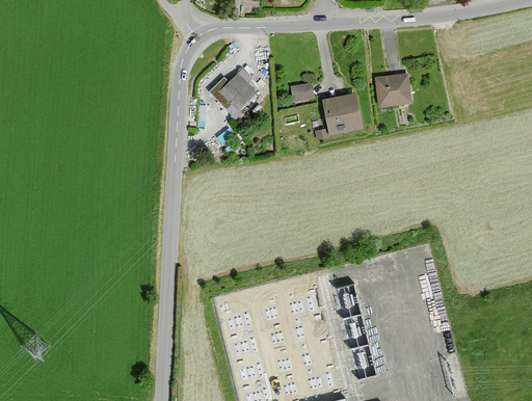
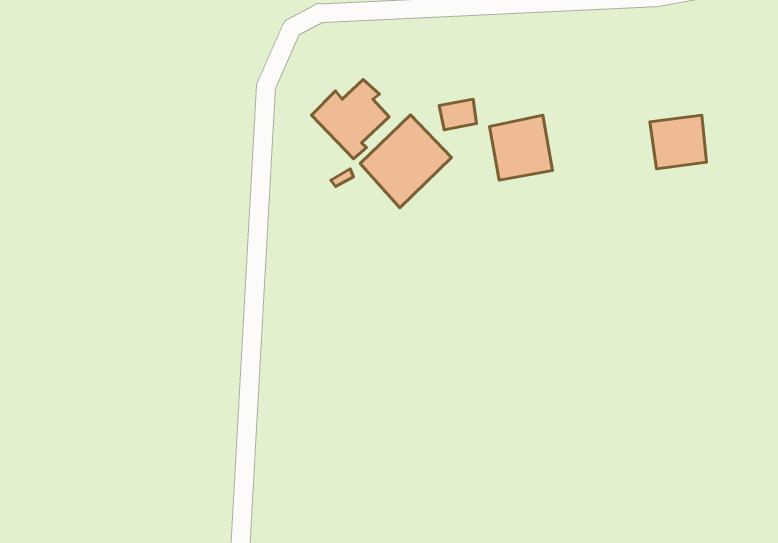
building: [375,74,411,108] -> [650,115,707,169]
building: none -> [360,115,452,208]

